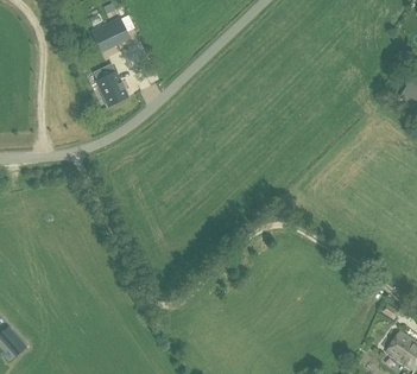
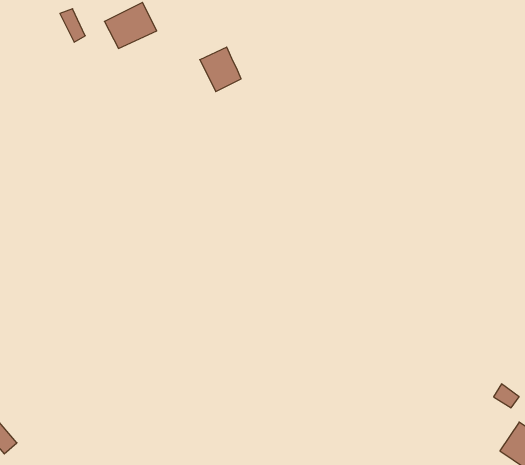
building: [95,71,126,104] -> [200,47,241,92]

